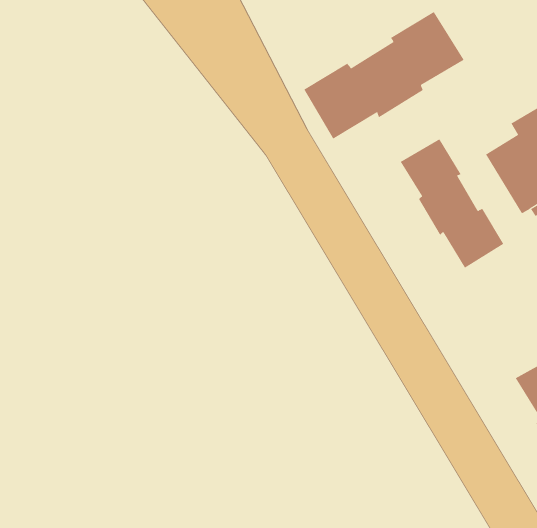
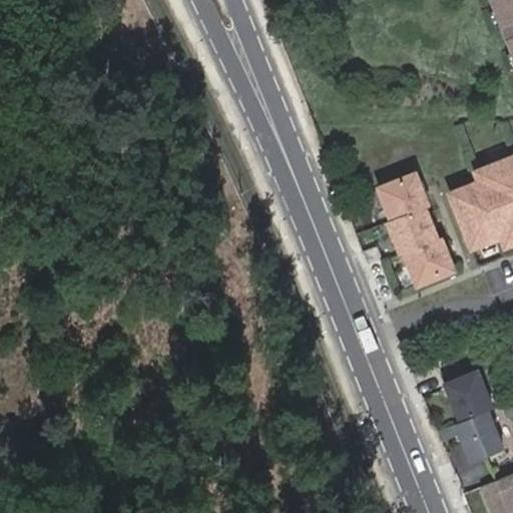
building: [303,11,465,140] -> none

